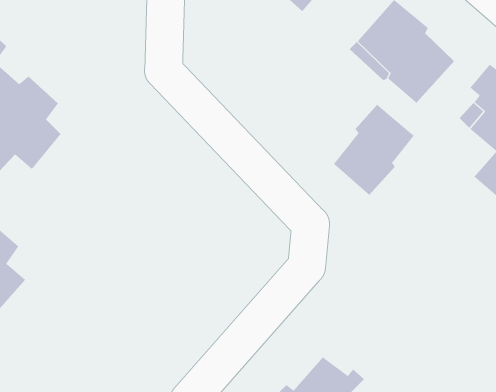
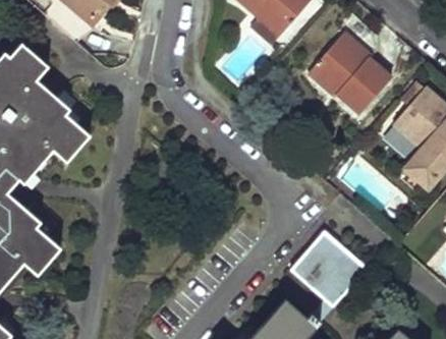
building: [333,104,415,196] -> none
building: none -> [289,233,365,307]

